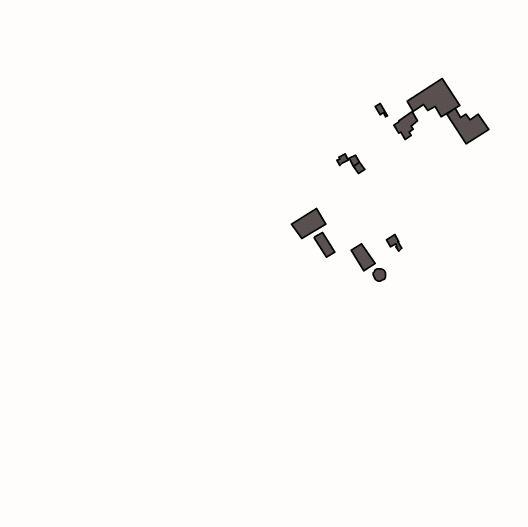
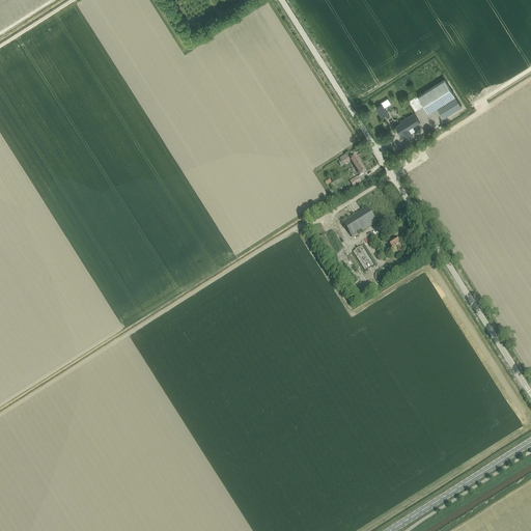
building: [447,108,489,144] -> none
building: [292,209,326,238] -> [342,206,376,236]

